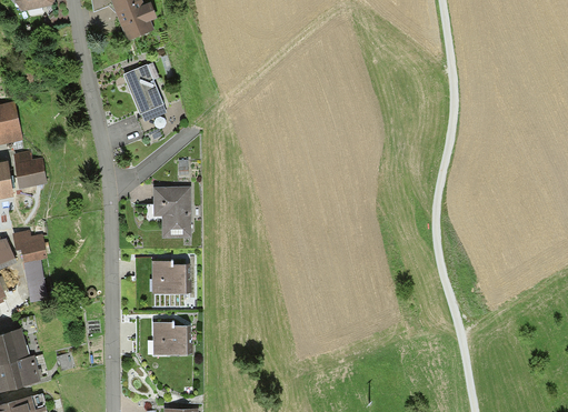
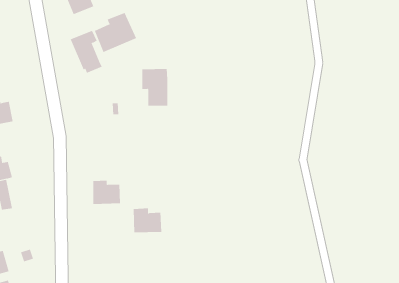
building: none -> [94,12,137,53]
building: [153,188,189,238] -> [141,68,168,106]
building: [151,321,190,354] -> [133,208,162,233]

